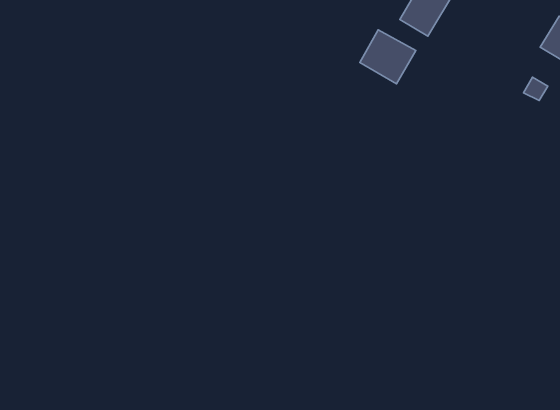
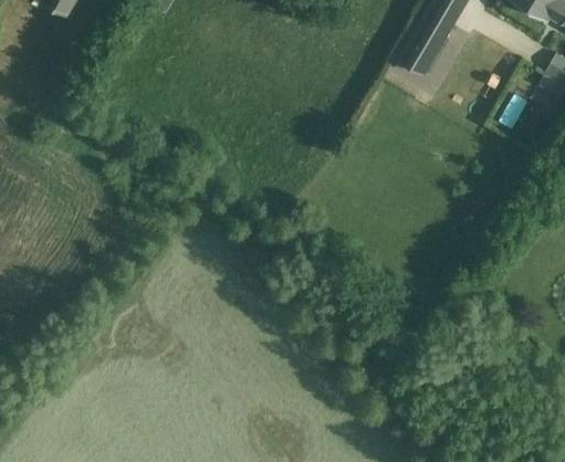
building: [360,30,416,84] -> none

